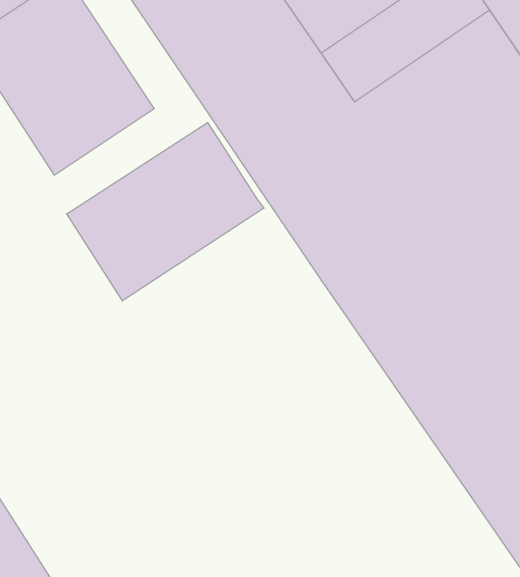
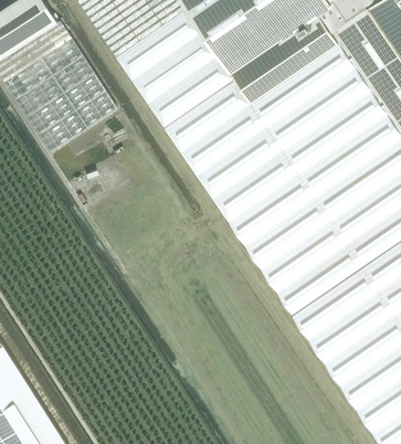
building: [67,123,264,301] -> none

